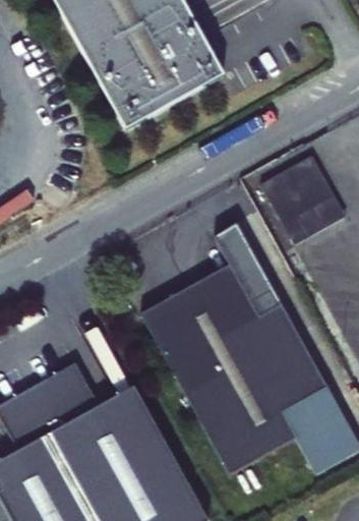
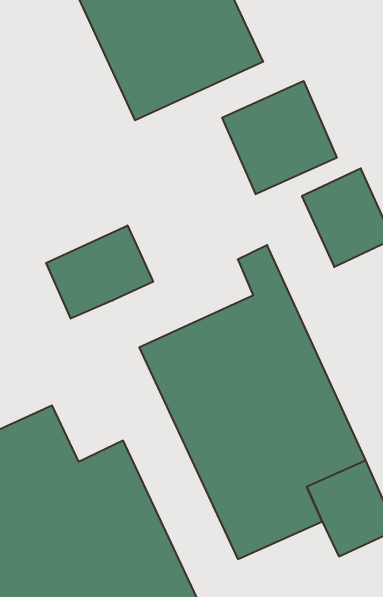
building: none -> [222,81,337,194]
building: none -> [46,225,153,319]

